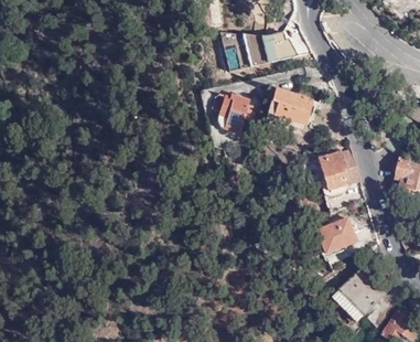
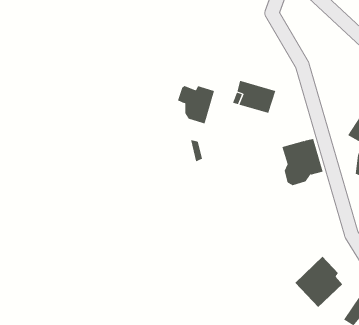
building: [222,25,295,74] -> none
building: [315,216,356,253] -> none

